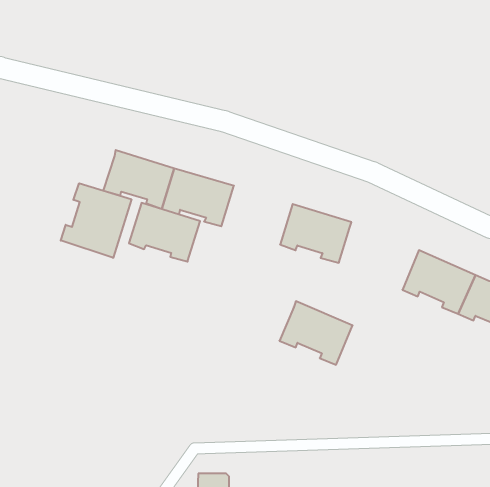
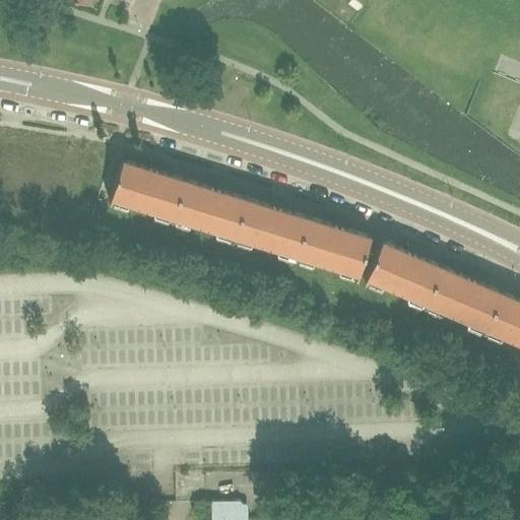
building: [61,183,131,258] -> none
building: [129,203,200,262] -> [236,201,311,263]
building: [279,301,353,365] -> [367,244,444,311]

